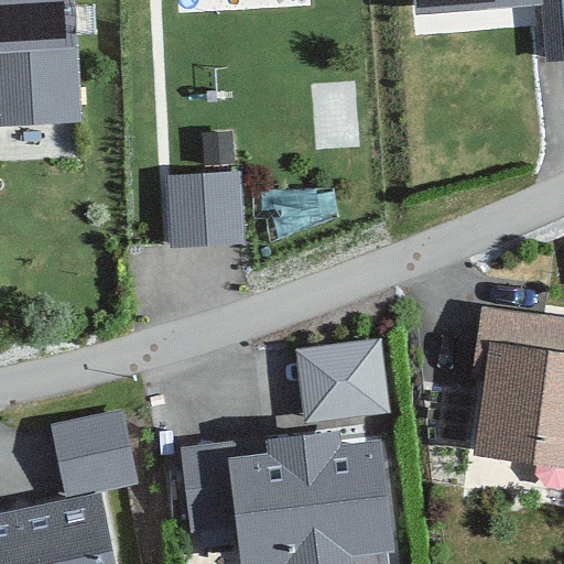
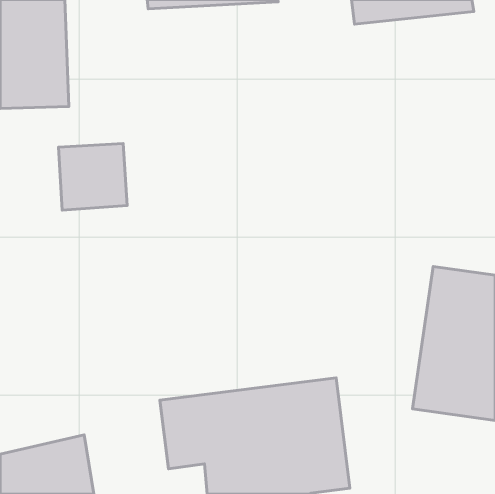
building: [167,173,246,249] -> [58,143,127,210]
building: [295,341,388,422] -> none
building: [43,410,138,494] -> none

